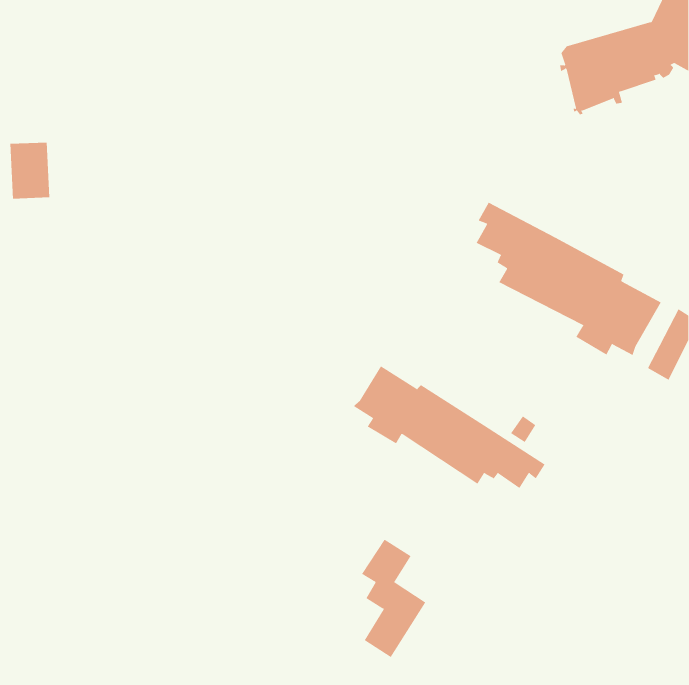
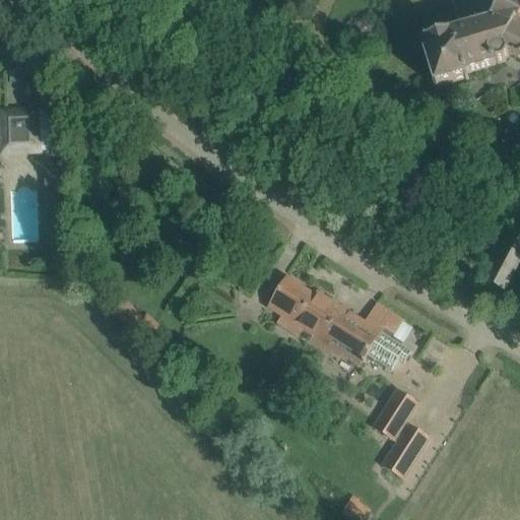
building: [476,202,661,356] -> none
building: [361,539,426,658] -> [379,387,428,476]

